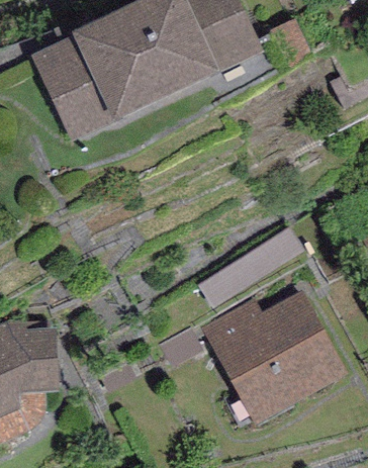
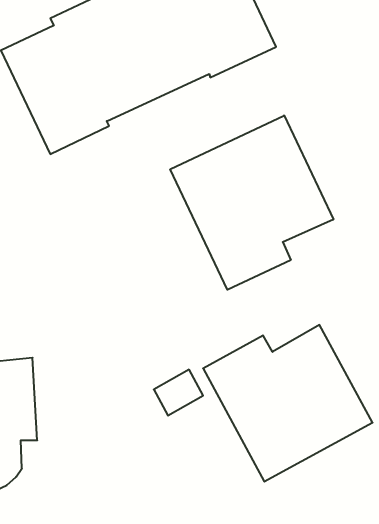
building: none -> [170,115,333,290]

